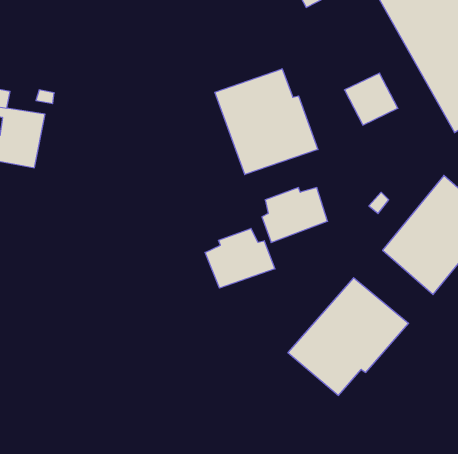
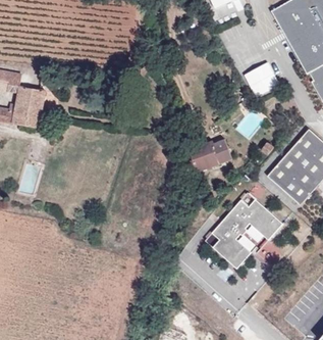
building: [215,69,318,175] -> none
building: [205,228,275,288] -> none

